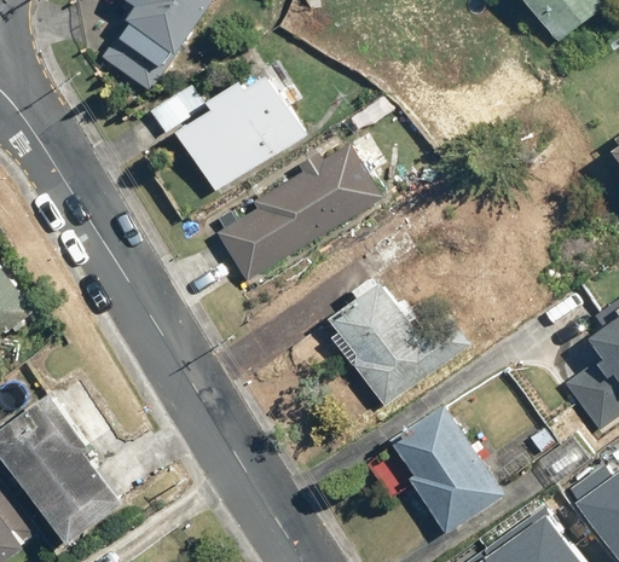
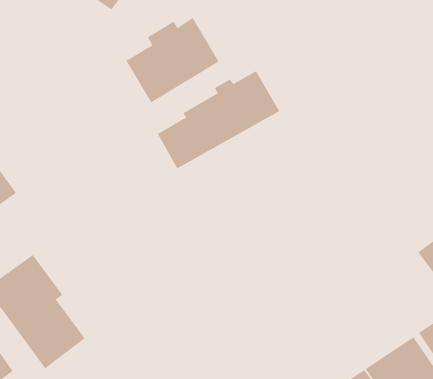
building: [328,278,468,406] -> none
building: [393,418,503,534] -> none

